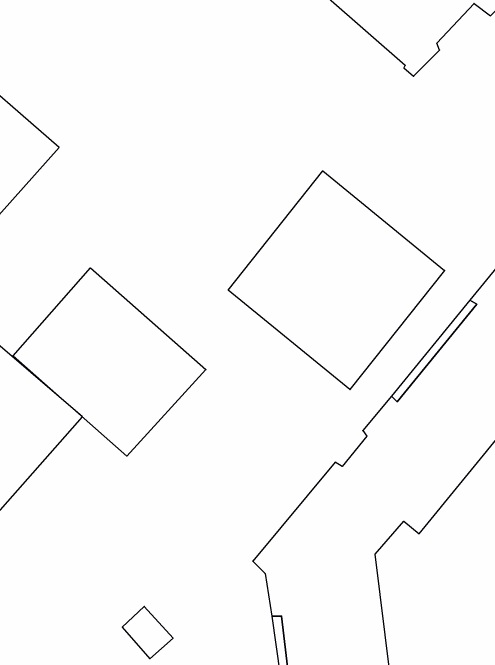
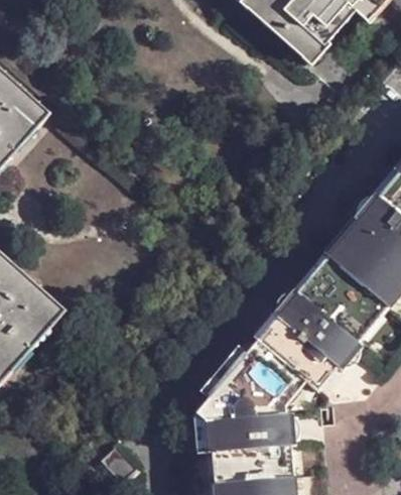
building: [228,171,445,390] -> none
building: [13,268,206,456] -> none

